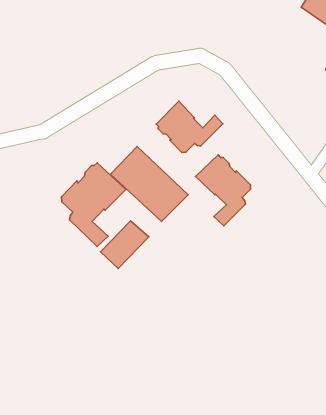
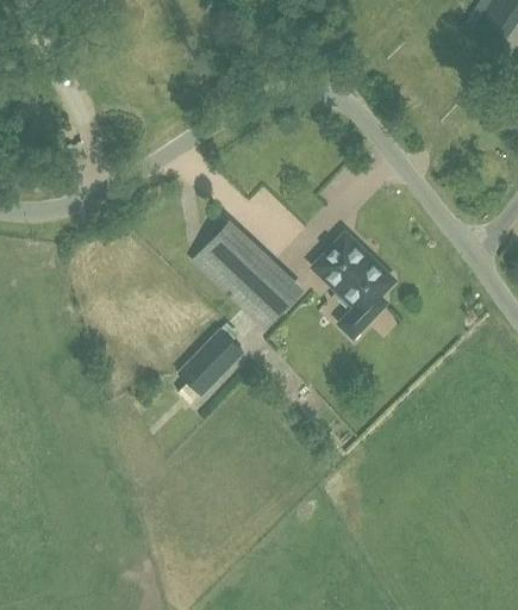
building: [156,101,223,153] -> none
building: [62,163,126,246] -> none

